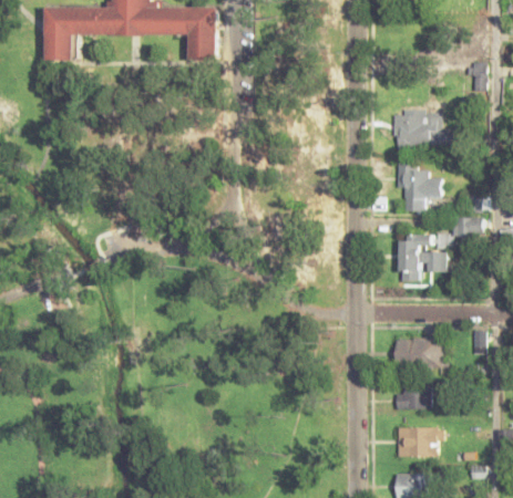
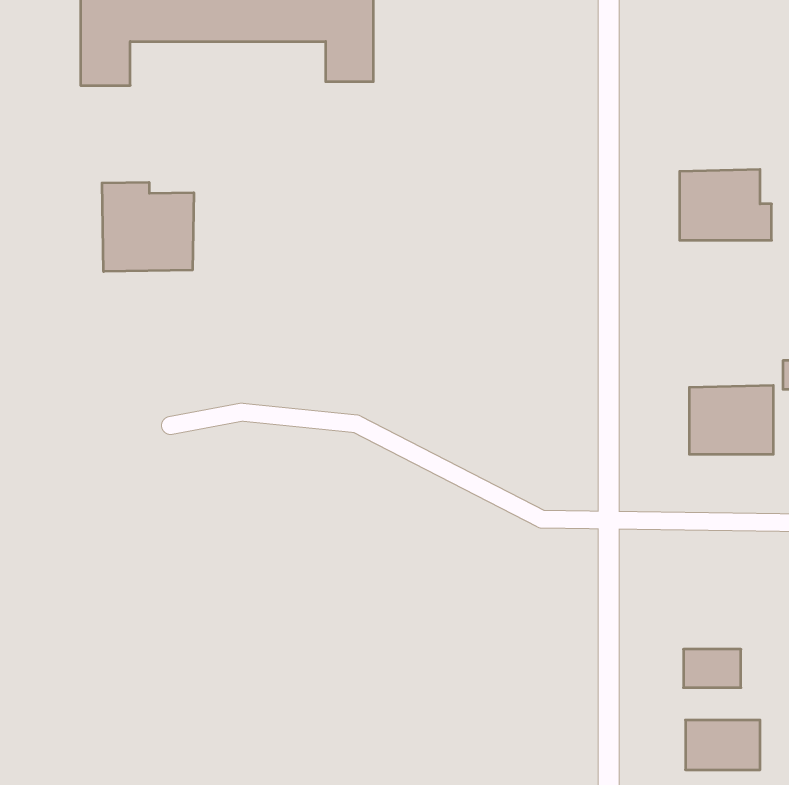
building: none -> [102,182,194,272]
building: [398,164,442,211] -> none
building: [397,338,447,367] -> none

